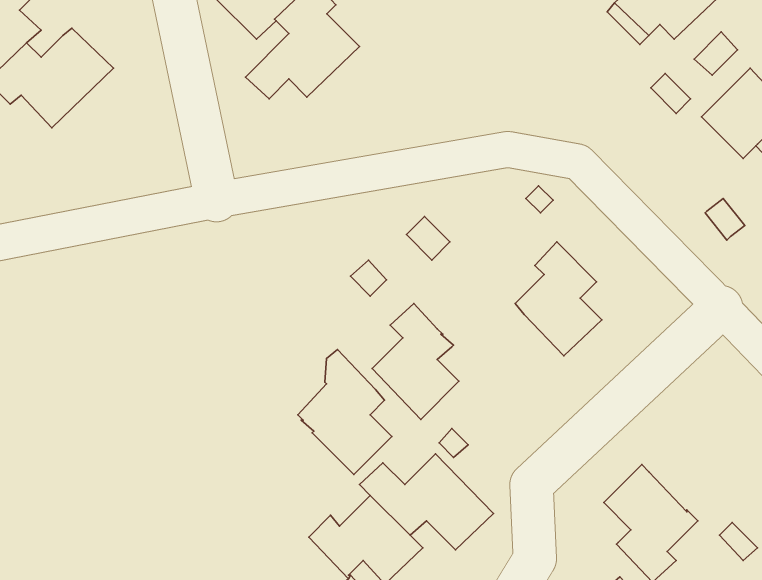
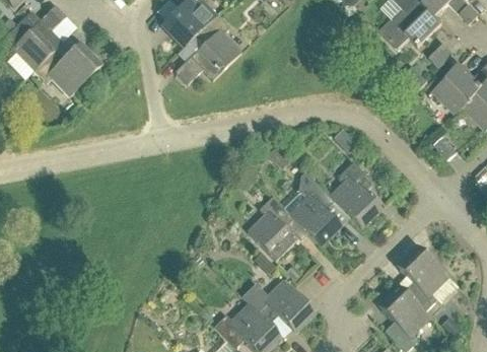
building: [298,350,392,474] -> [285,172,338,242]
building: none -> [400,248,449,311]

